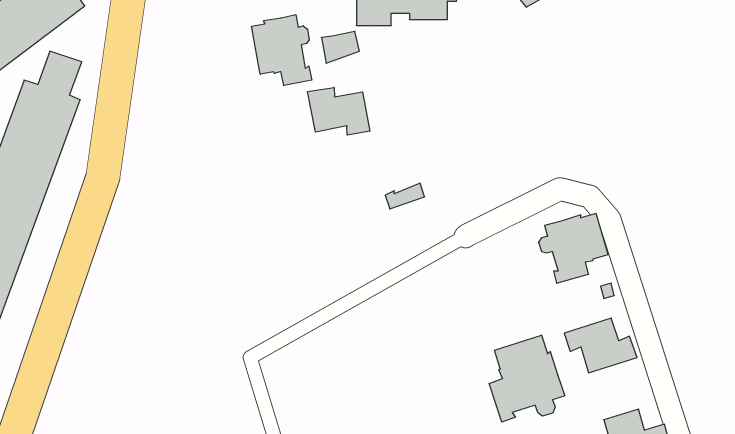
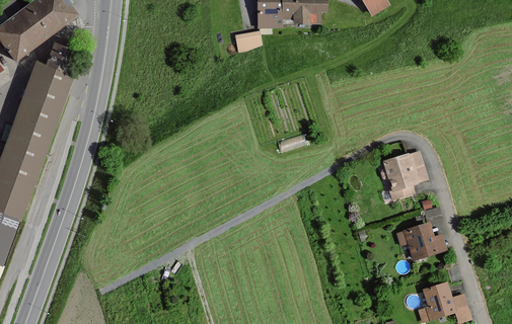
building: [252,15,312,86] -> none
building: [308,87,370,135] -> none
building: [489,335,565,422] -> none

